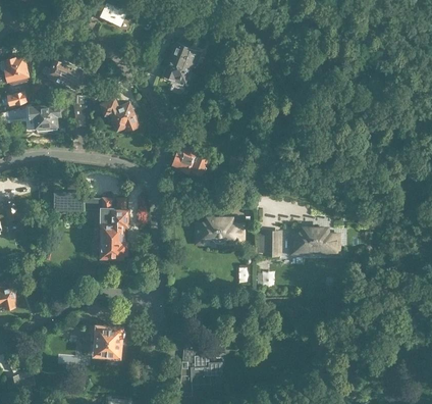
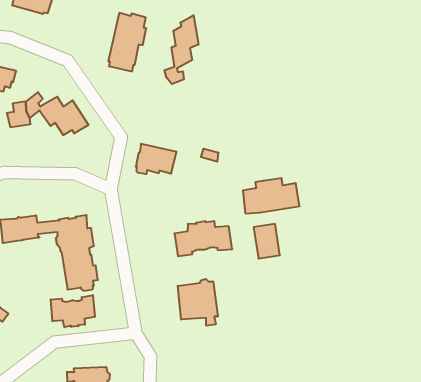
building: none -> [164,15,199,84]
building: [291,230,337,255] -> [243,178,300,213]
building: none -> [51,295,95,327]
building: none -> [178,279,218,326]

